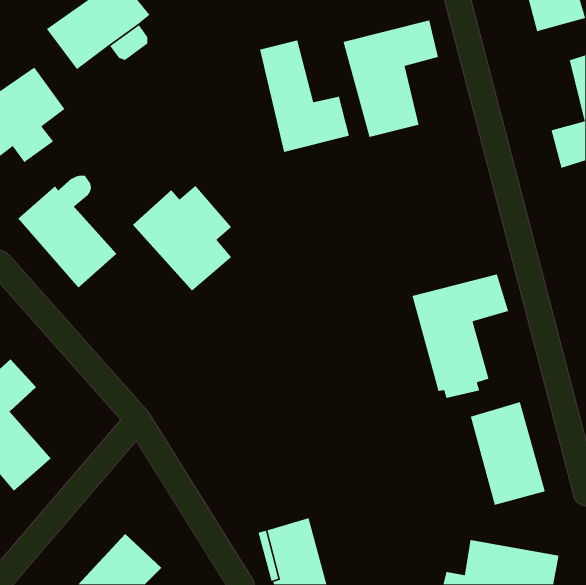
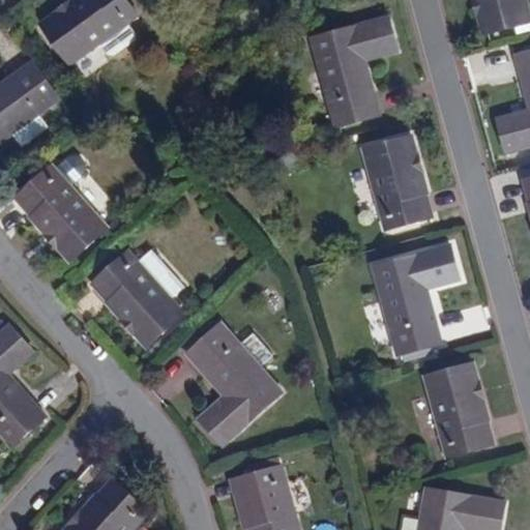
building: [259,39,350,153] -> none
building: none -> [363,138,431,229]
building: [132,185,232,292] -> [92,248,182,345]
building: none -> [184,325,281,444]

